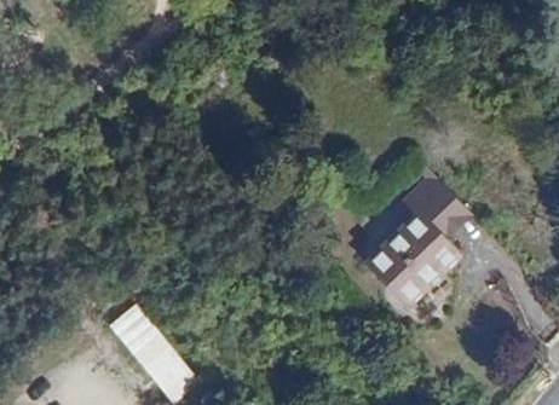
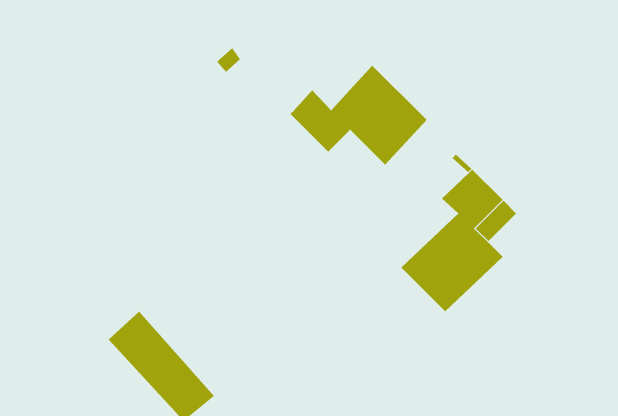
building: none -> [290,65,427,166]

